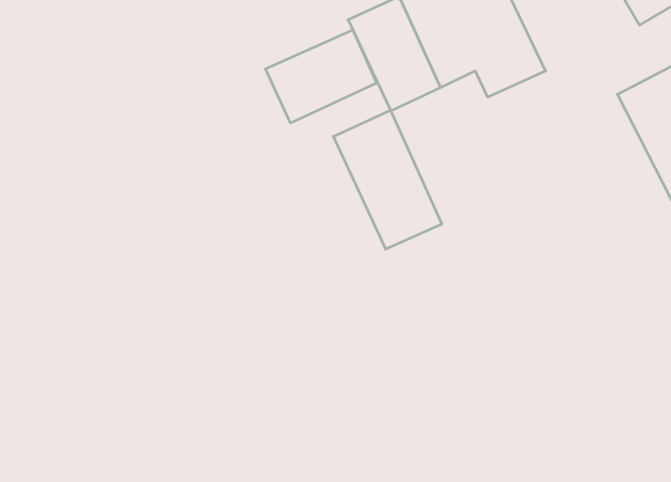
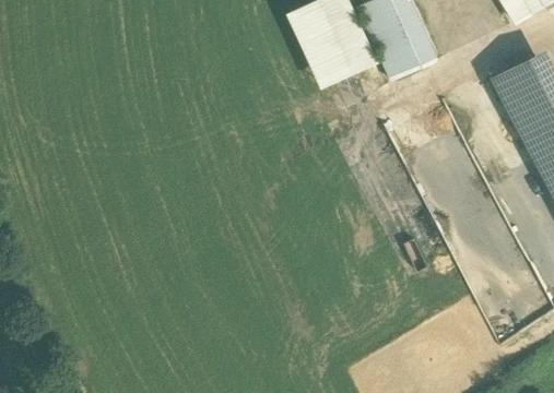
building: [266,30,377,123] -> none
building: [333,110,442,249] -> none

